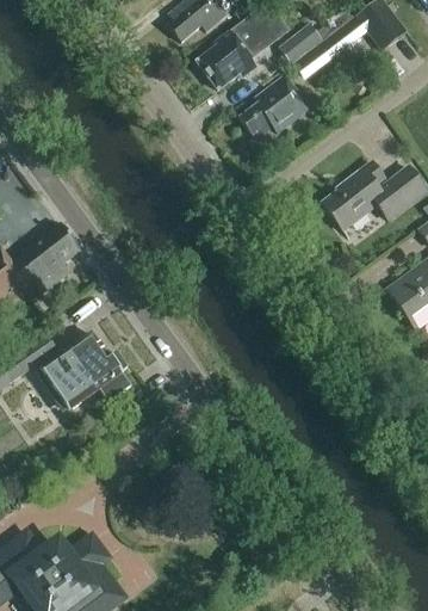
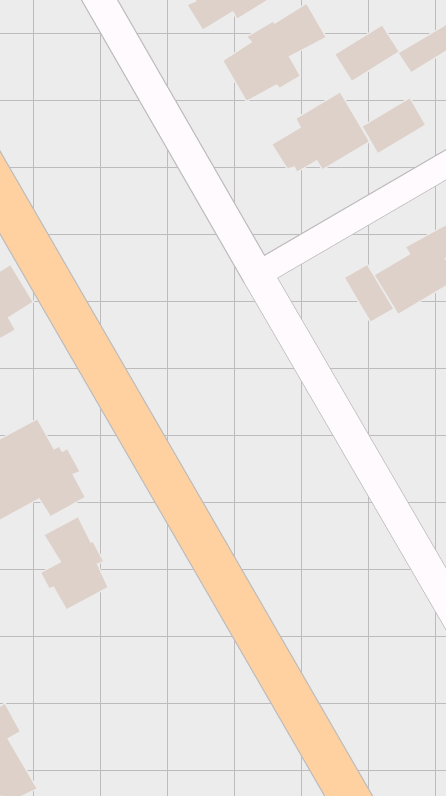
building: none -> [362,98,426,154]
building: none -> [344,264,394,322]
building: none -> [41,517,108,610]

